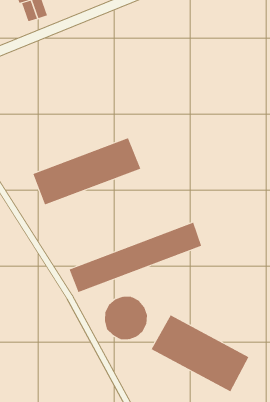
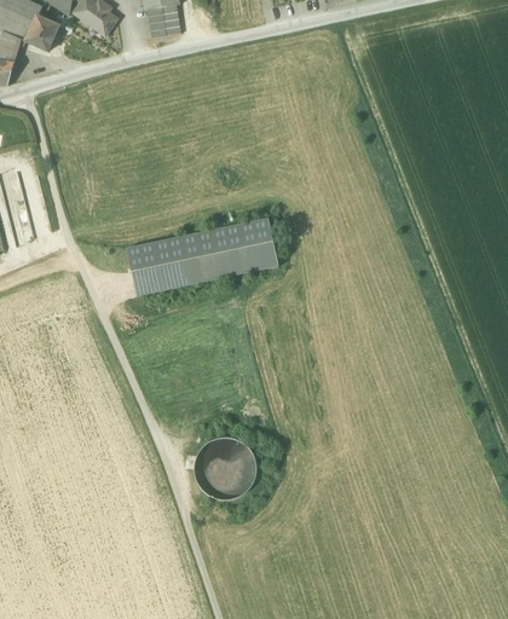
building: [69,222,202,293] -> none
building: [151,314,249,392] -> none

